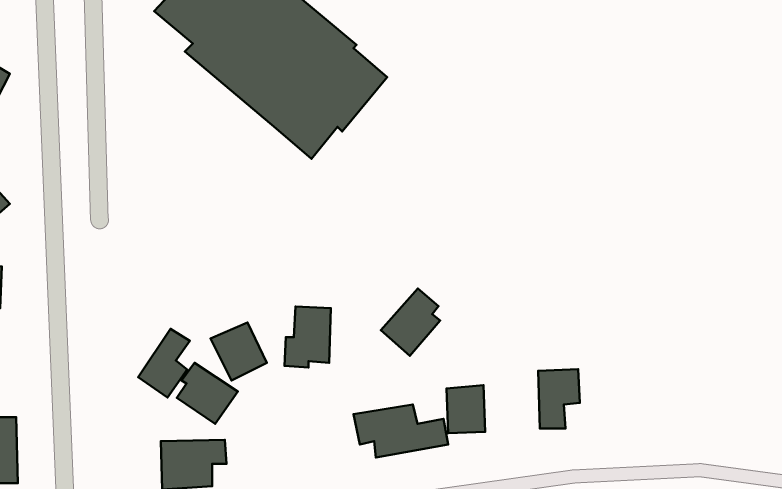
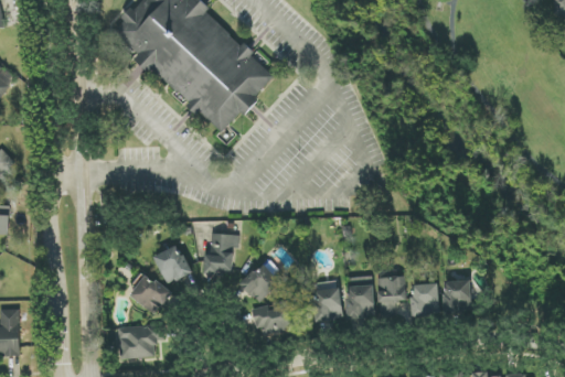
building: [381,288,440,356] -> [239,257,280,303]
building: [138,329,190,398] -> none
building: none -> [345,274,374,316]
building: none -> [443,279,471,312]
building: none -> [411,282,438,315]

